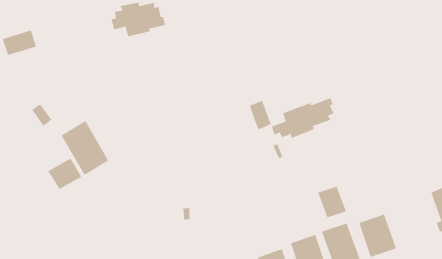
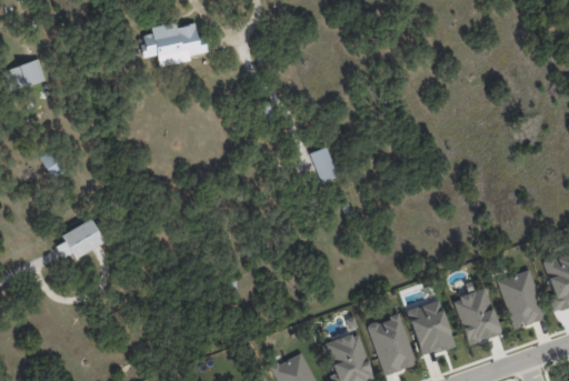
building: [271,97,334,139] -> none
building: [61,120,109,176] -> none
building: [318,186,346,218] -> none
building: none -> [496,269,545,329]

